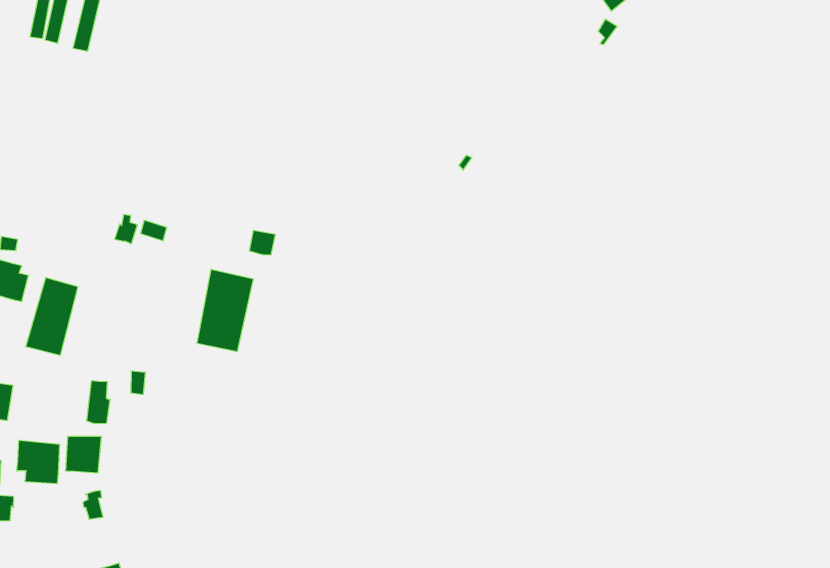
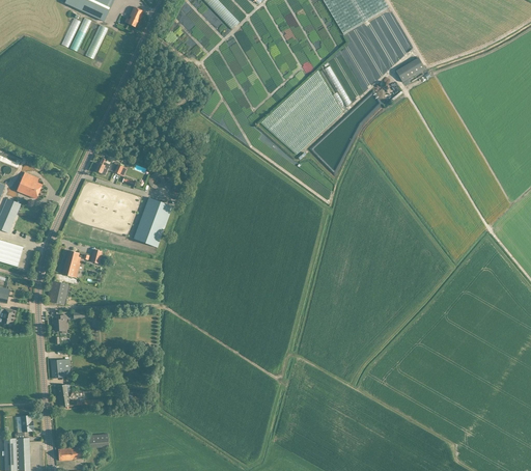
building: [26,277,78,355] -> none
building: [17,440,59,484] -> none

